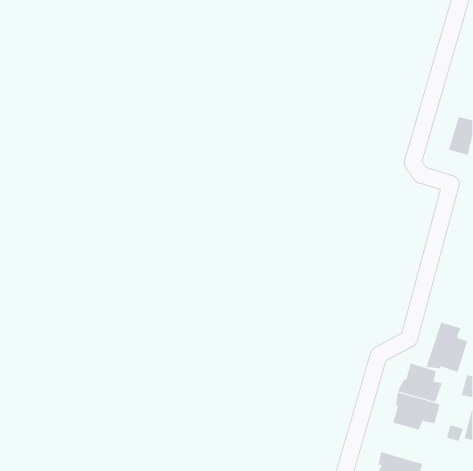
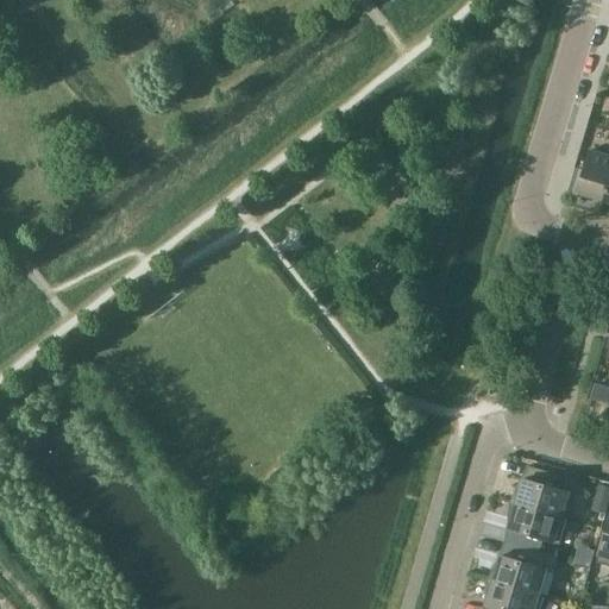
building: [426,322,468,373] -> none
building: none -> [489,546,558,597]

